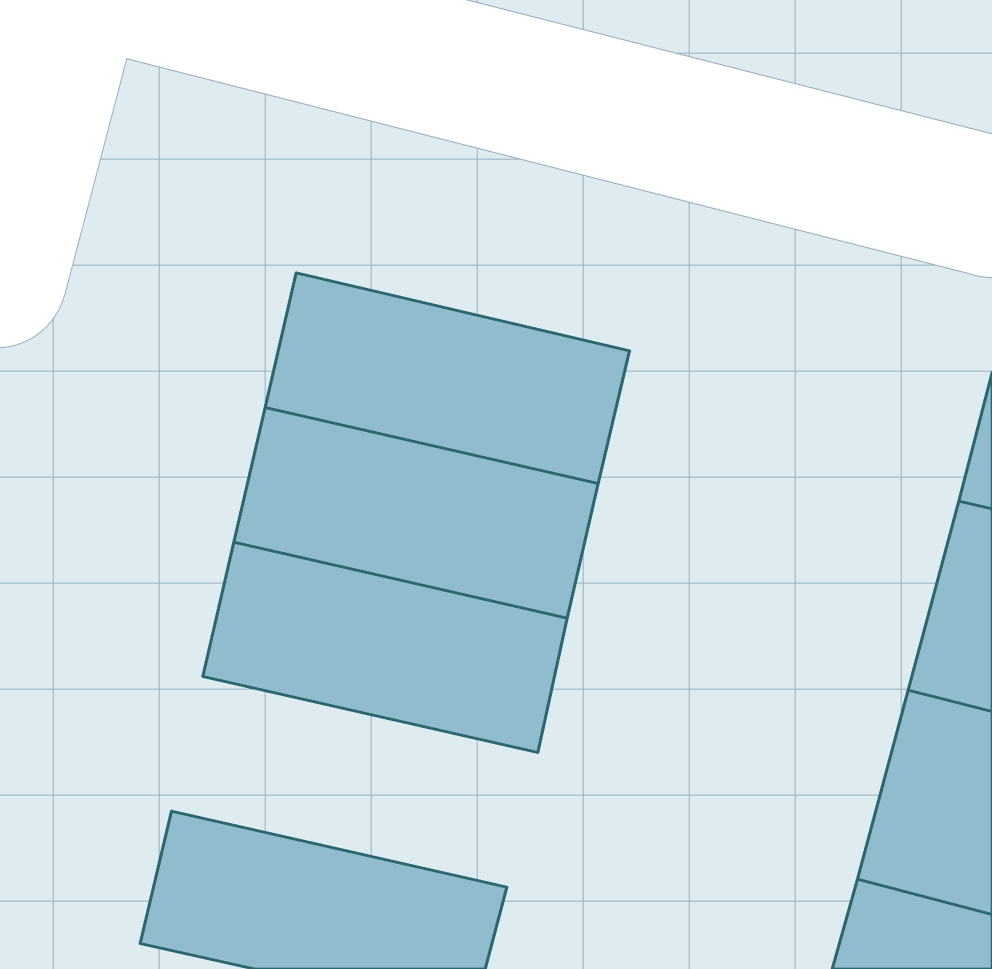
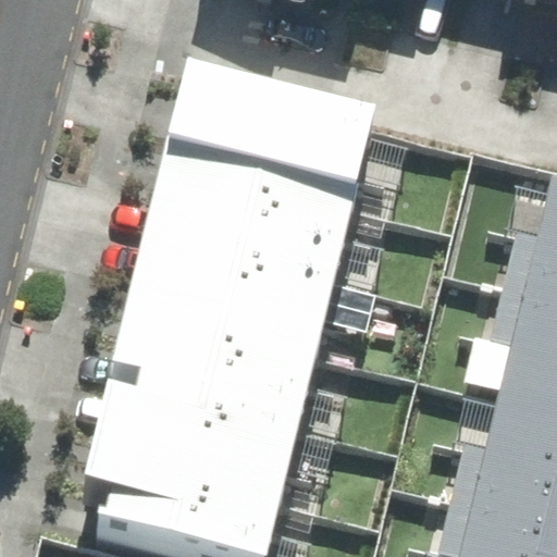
building: none -> [165,77,369,196]
building: none -> [96,377,300,495]

